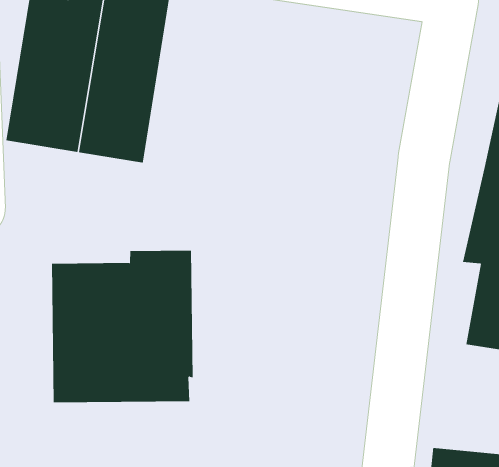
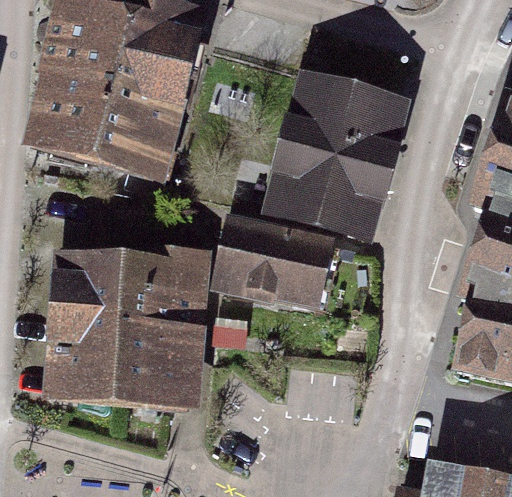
building: none -> [274,81,403,239]
building: none -> [225,224,333,303]

